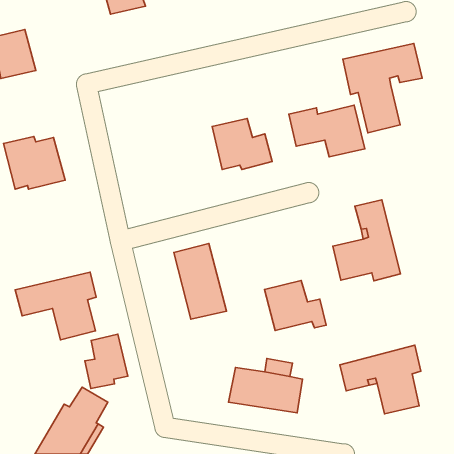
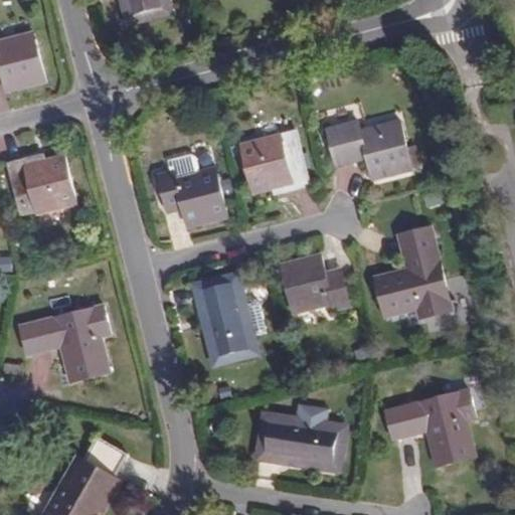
building: [343,43,422,133] -> none
building: none -> [158,168,226,223]
building: [265,280,326,330] -> [279,253,348,310]
building: [85,334,128,388] -> none

